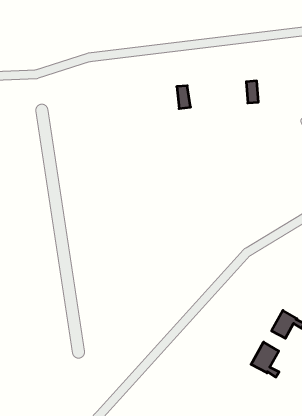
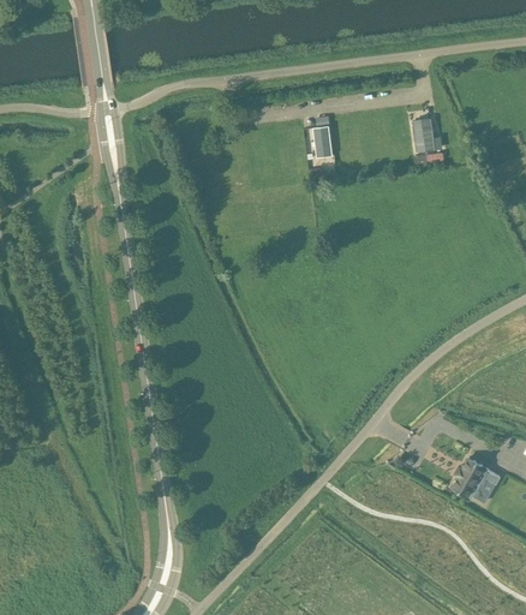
building: [251,342,279,377] -> none

